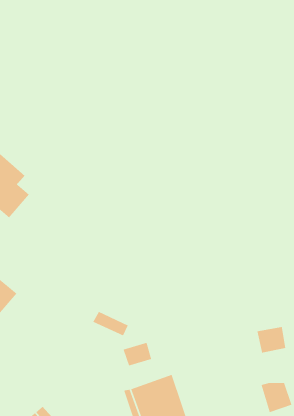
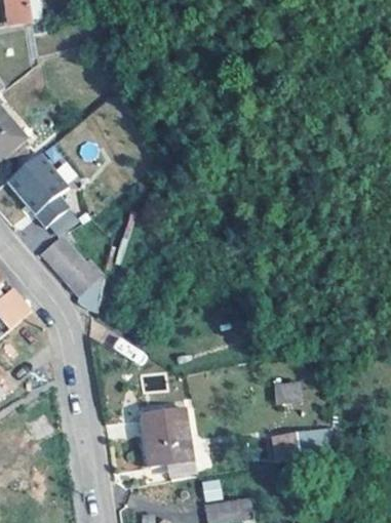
building: none -> [44,237,104,313]

